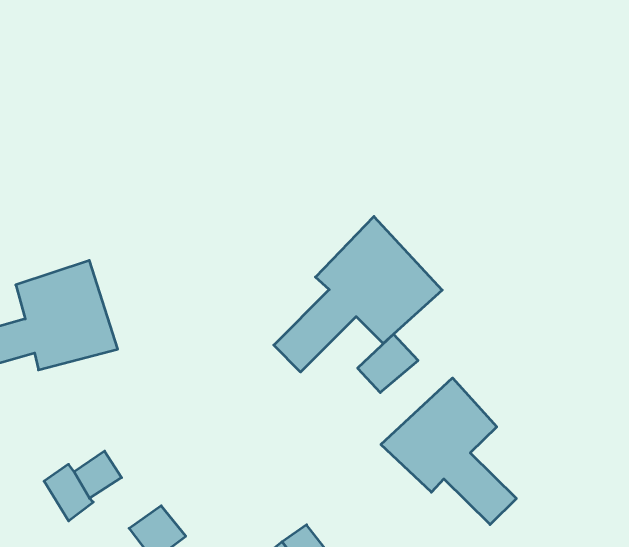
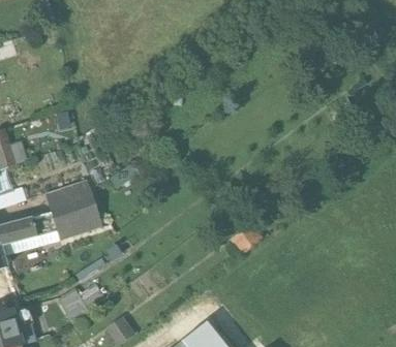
building: [274,216,442,372] -> none
building: [381,378,516,525] -> none

